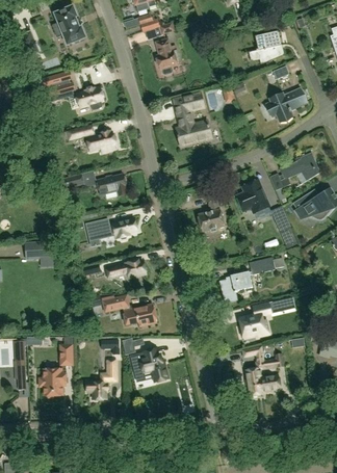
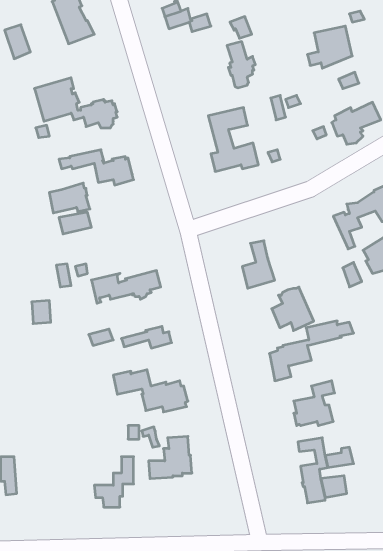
building: [156,40,178,75] -> [227,42,255,88]
building: [97,174,128,196] -> [49,183,90,213]
building: [237,180,269,213] -> [272,287,314,331]
building: [40,337,74,397] -> none

